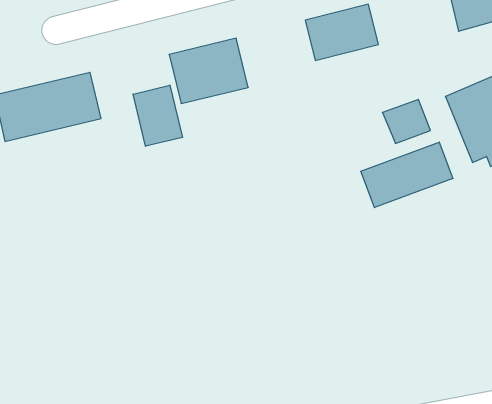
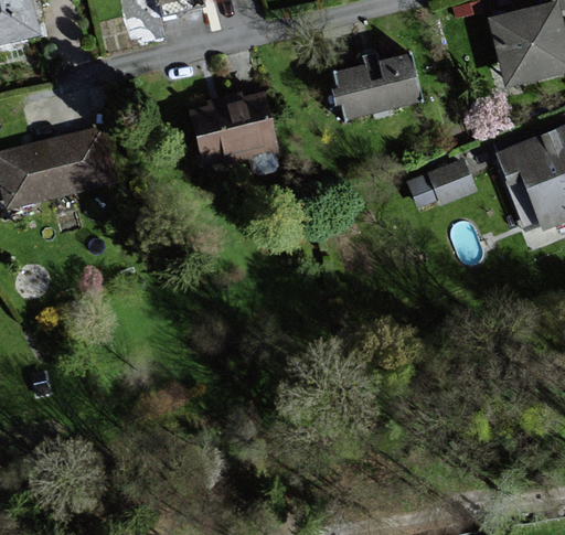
building: [133,85,182,146] -> none
building: [361,142,453,208] -> none

